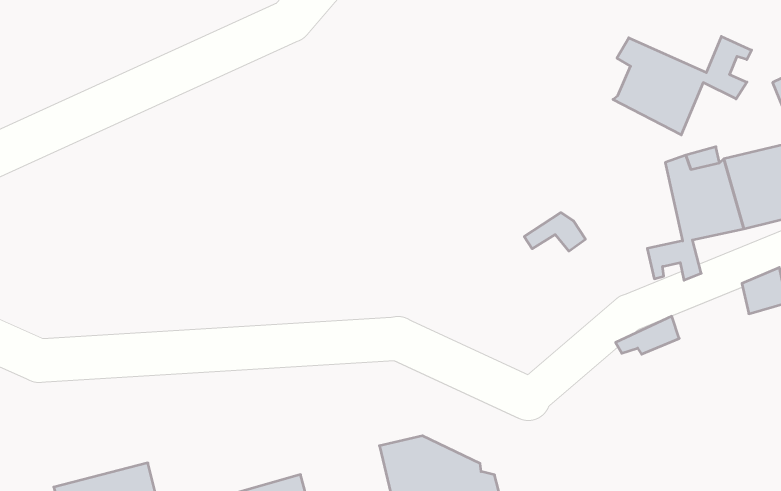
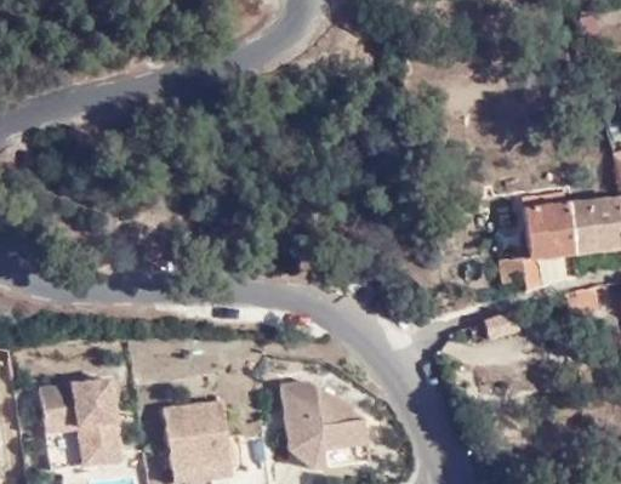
building: [613,36,752,135] -> none

